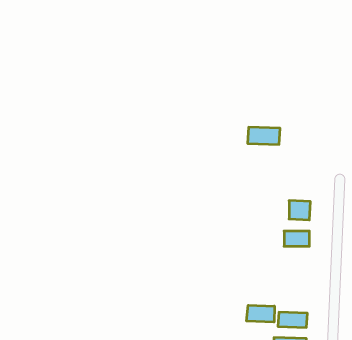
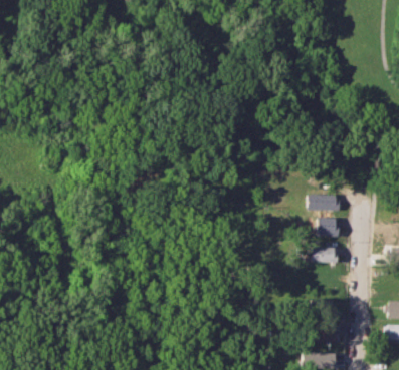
building: [248,127,280,144] -> [308,195,340,212]
building: [247,305,274,322] -> none

